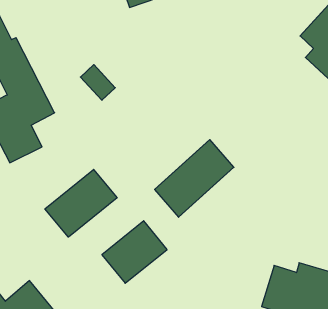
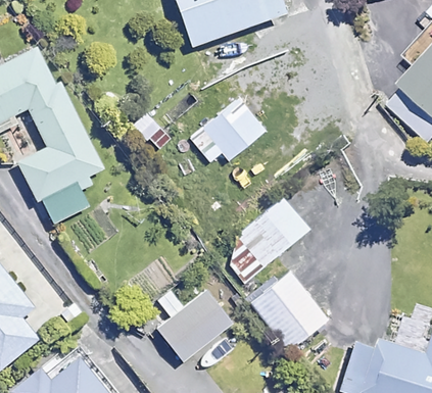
building: none -> [190,98,266,162]
building: [45,169,117,237] -> none
building: none -> [251,272,327,350]

